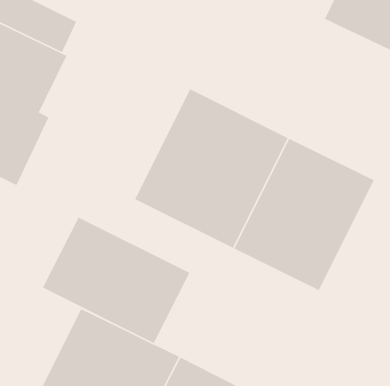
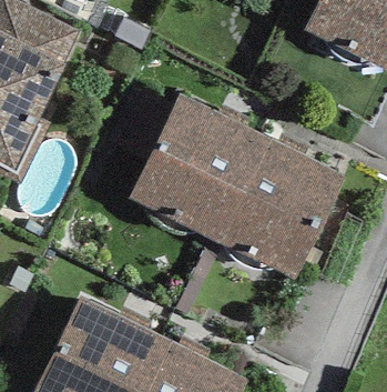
building: [42,216,191,344] -> none

